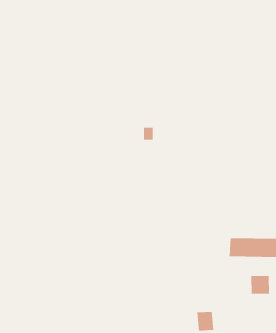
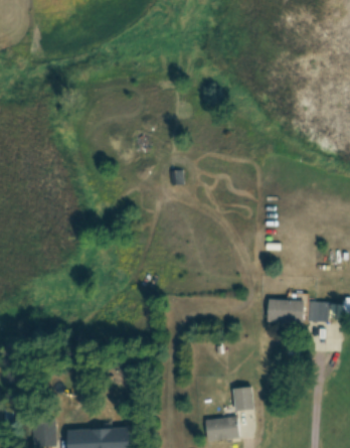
building: [251,275,269,295] -> none

